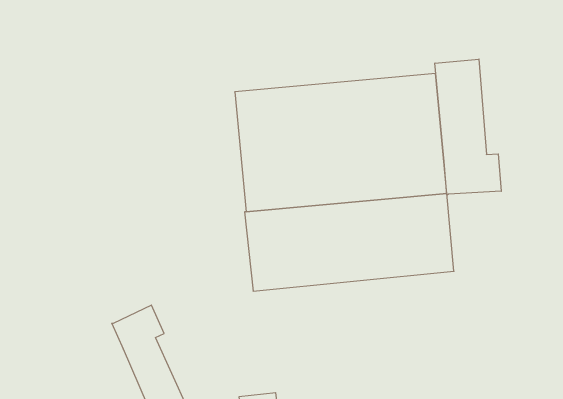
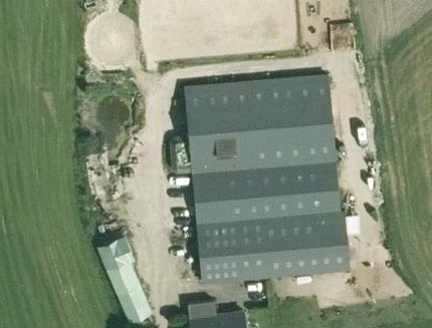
building: [435,59,501,195] -> none
building: none -> [198,213,352,285]

